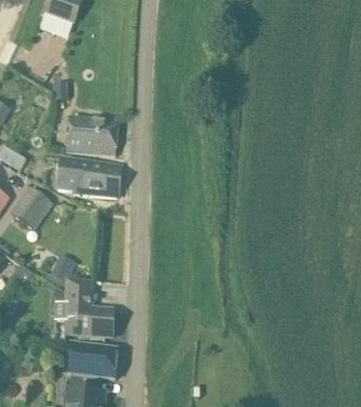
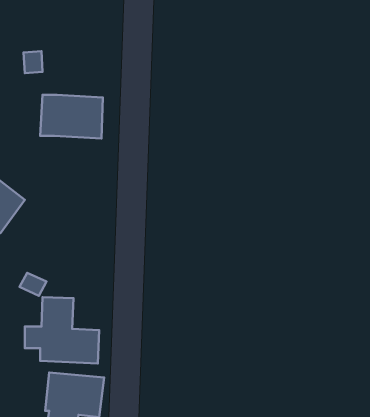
building: [56,158,122,195] -> none

